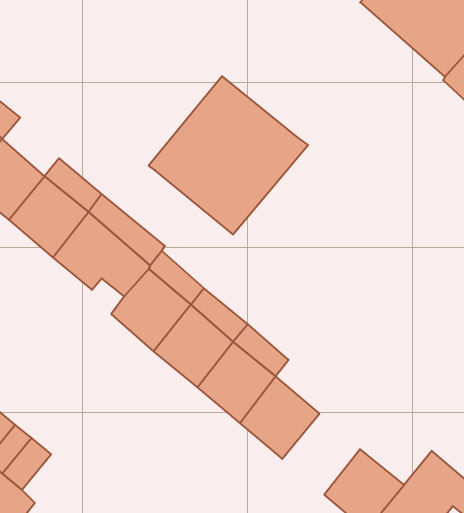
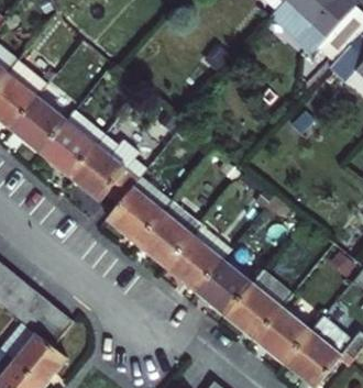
building: [149,76,308,235] -> none
building: none -> [226,280,288,346]

